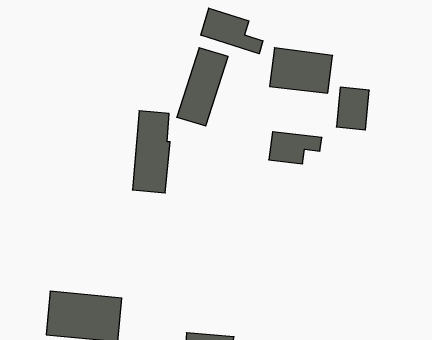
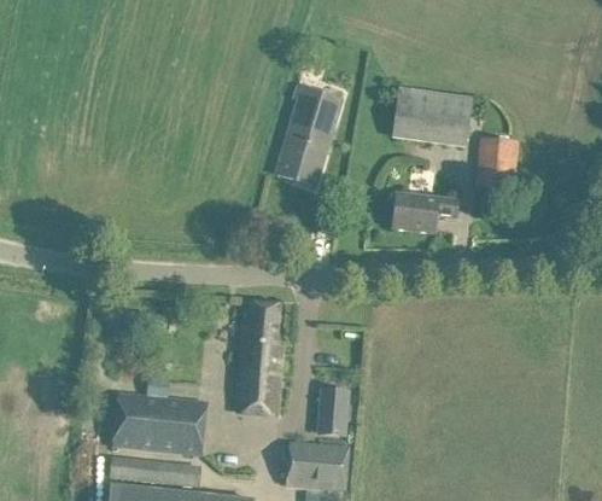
building: [201,8,263,54] -> none
building: [132,111,170,193] -> [236,301,284,403]
building: none -> [318,390,346,435]

